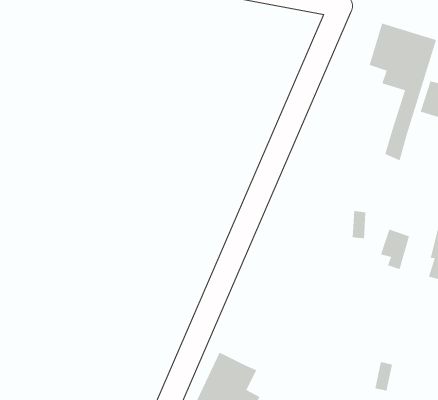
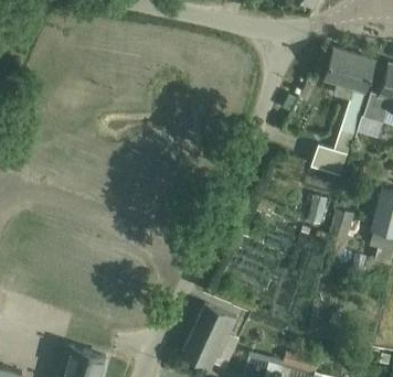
building: none -> [309,144,347,176]

